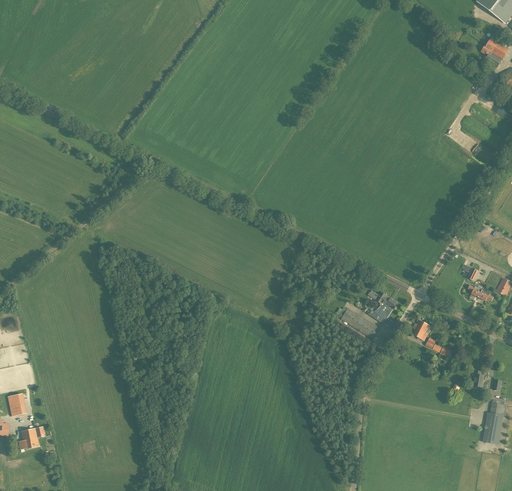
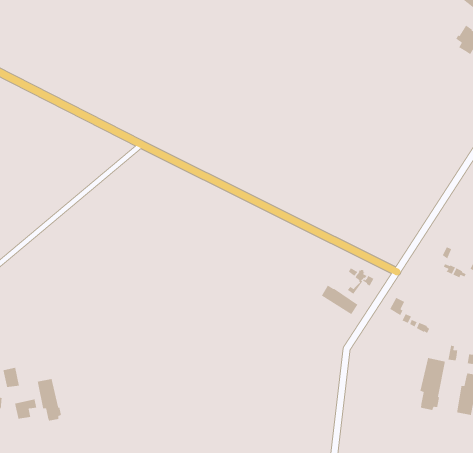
building: none -> [420,357,446,411]
building: none -> [37,378,62,422]

